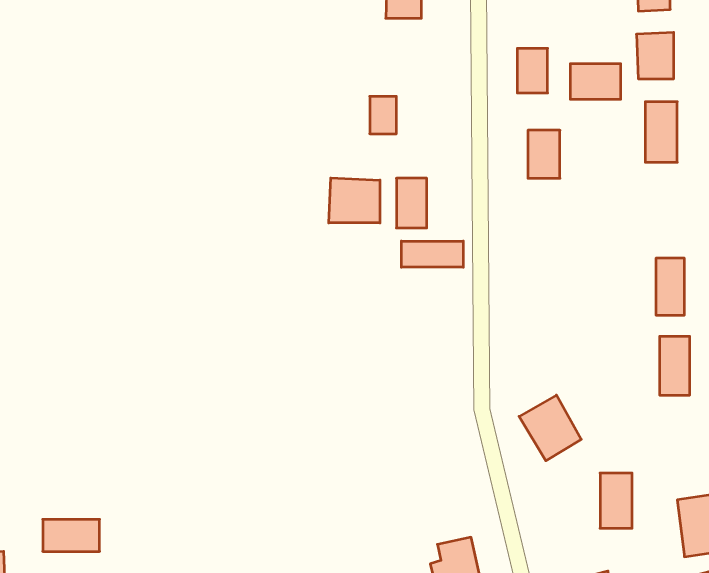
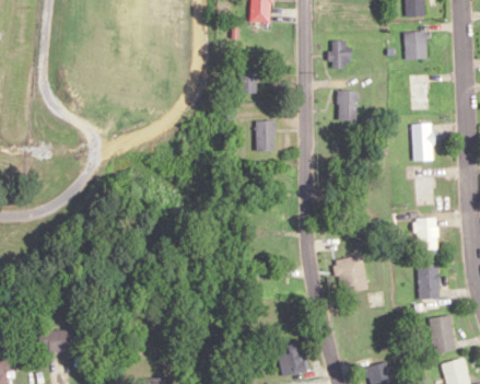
building: [570,64,621,99] -> none
building: [329,178,380,223] -> none
building: none -> [412,124,432,160]
building: [401,241,463,267] -> none
building: [600,473,632,528] -> [419,265,438,299]

